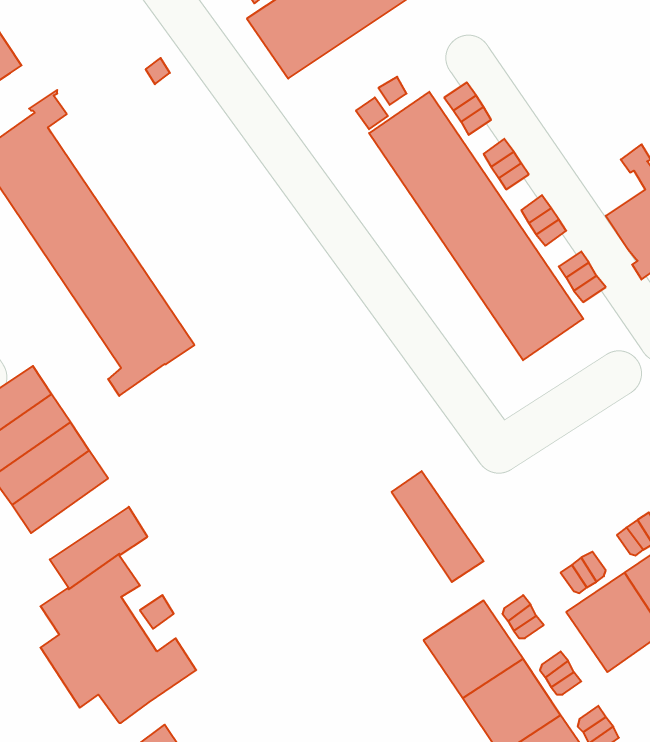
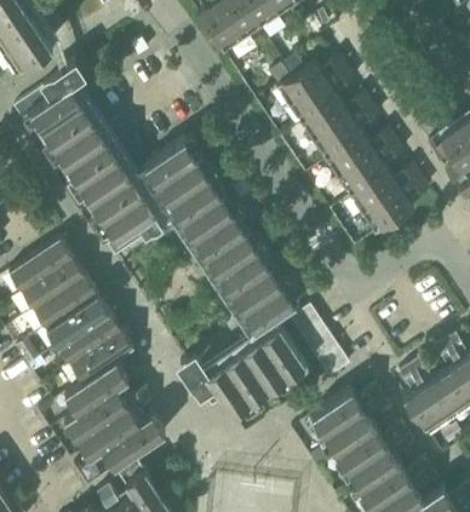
building: none -> [144,142,294,333]
building: none -> [57,313,120,366]
building: none -> [179,328,305,416]

